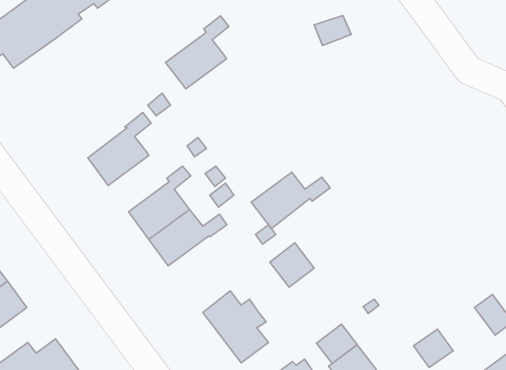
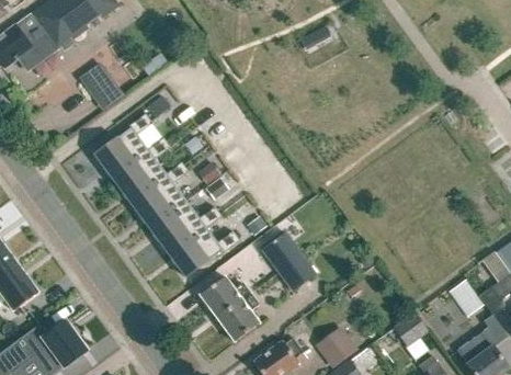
building: [165,16,229,89] -> [113,137,171,204]
building: none -> [80,60,124,109]
building: [251,172,330,229] -> [168,226,240,277]
building: [316,324,357,364] -> [279,255,316,292]

